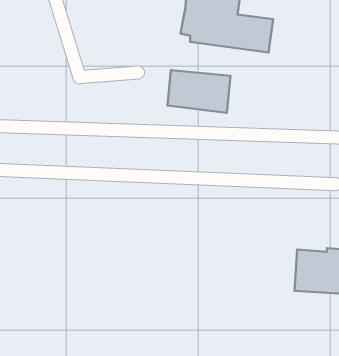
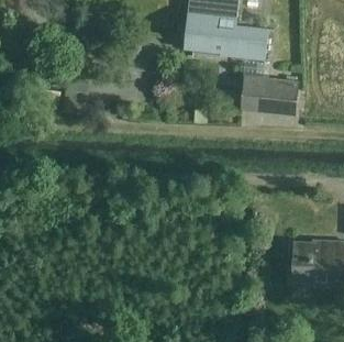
building: [167,70,230,113] -> [238,76,297,115]

